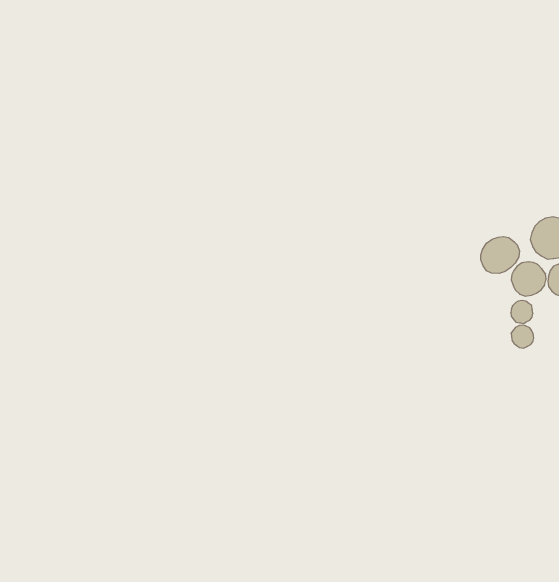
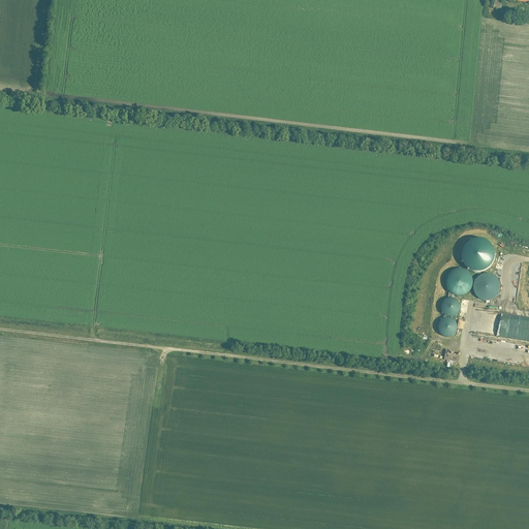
building: [481,237,520,273] -> none

